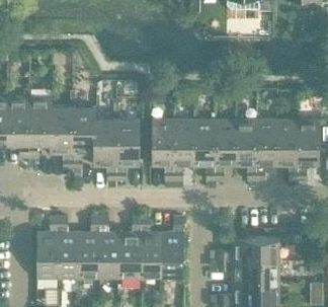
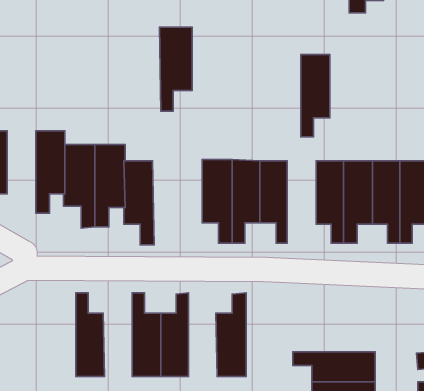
building: [8,97,29,158] -> none
building: [115,120,140,181] -> [159,27,192,111]
building: [215,120,236,180] -> [301,55,330,137]
building: [37,217,59,279] -> none
building: [79,217,100,279] -> none
building: [142,217,163,279] -> none
building: [219,238,279,260] -> none

